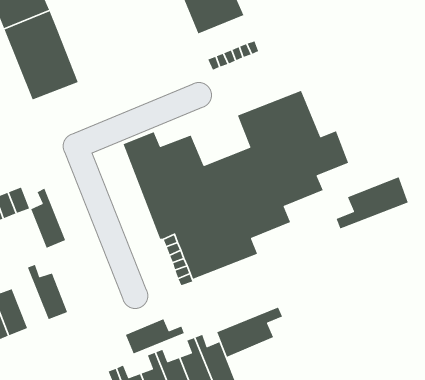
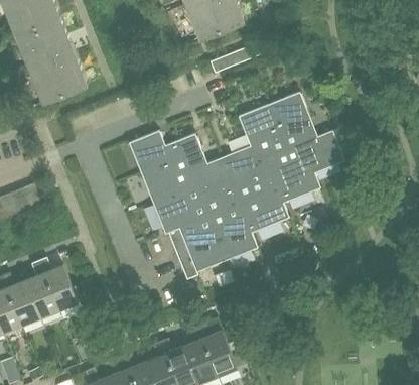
building: [335,176,409,229] -> none
building: [30,187,66,249] -> [24,260,58,318]
building: [216,306,283,358] -> none
building: [125,318,185,355] -> none

